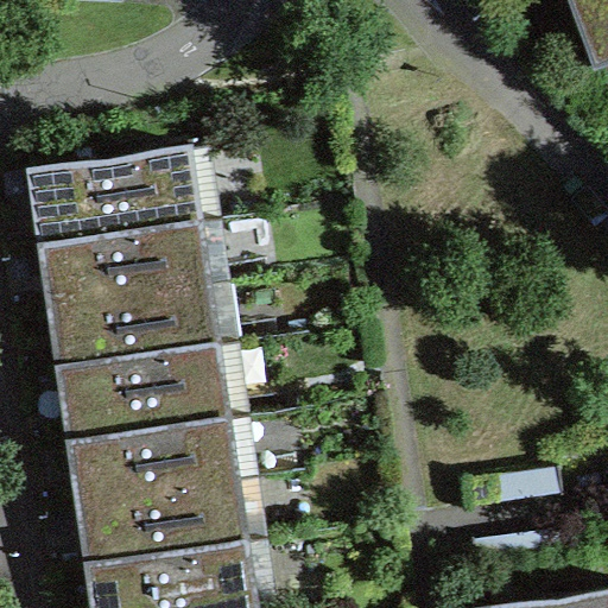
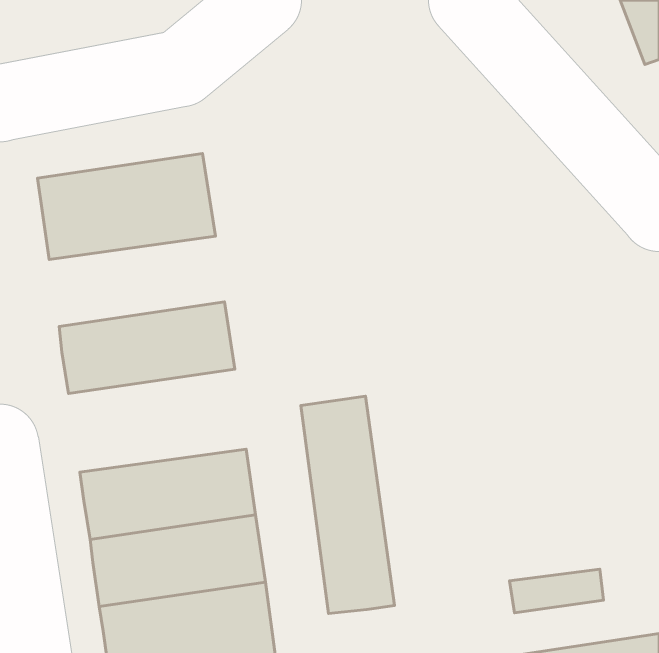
building: [45,223,207,306] -> none
building: [63,346,227,441] -> none
building: none -> [301,396,395,614]

